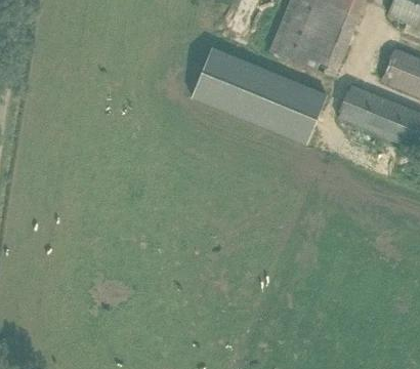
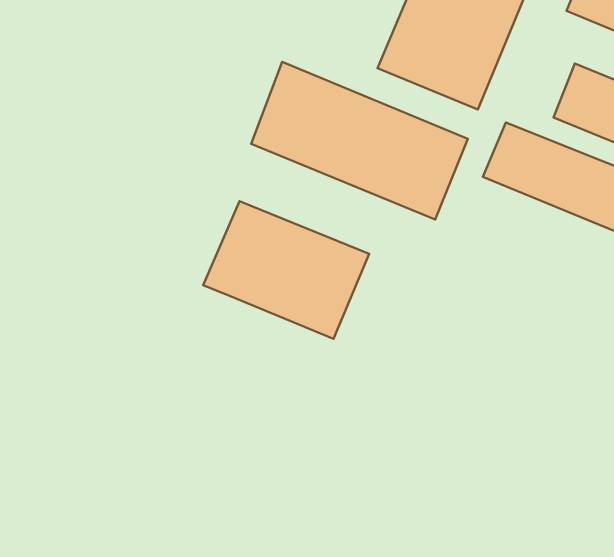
building: none -> [203,201,369,339]

